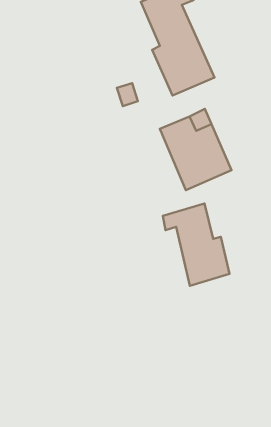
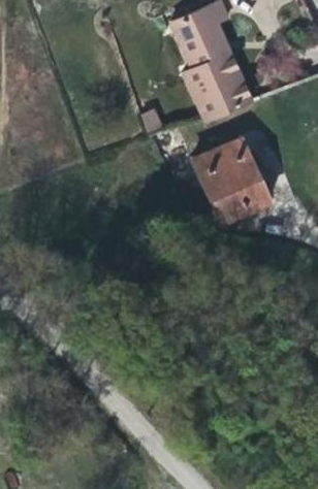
building: [163,203,230,286] -> none

